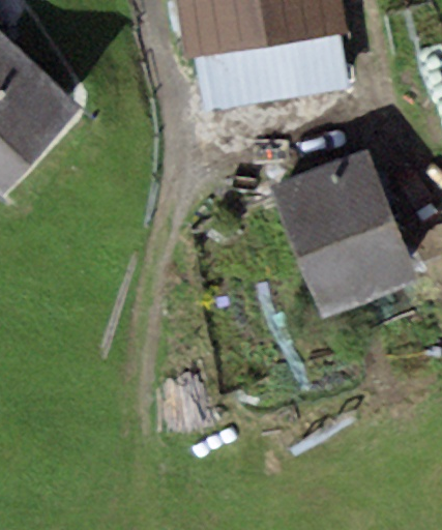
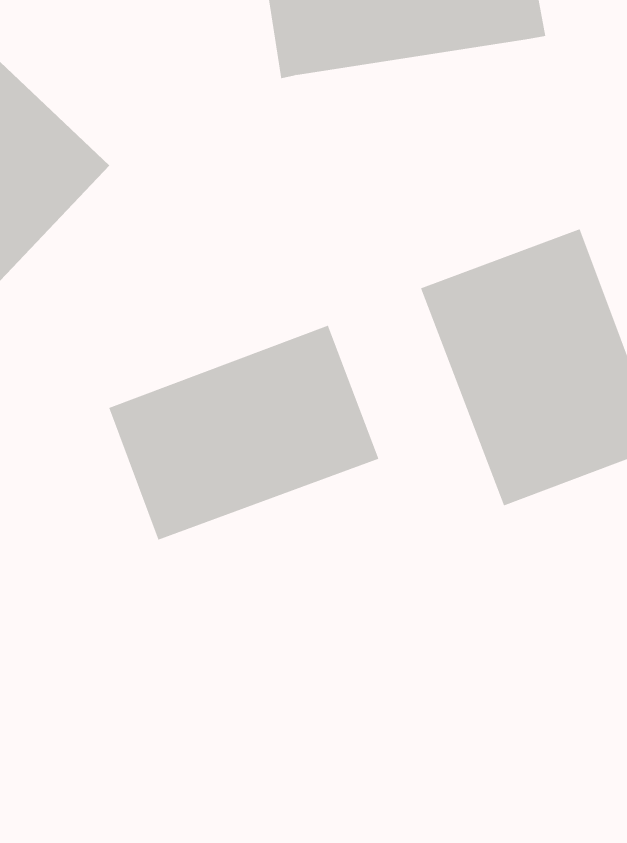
building: [195,33,344,109] -> none
building: none -> [108,325,379,541]

